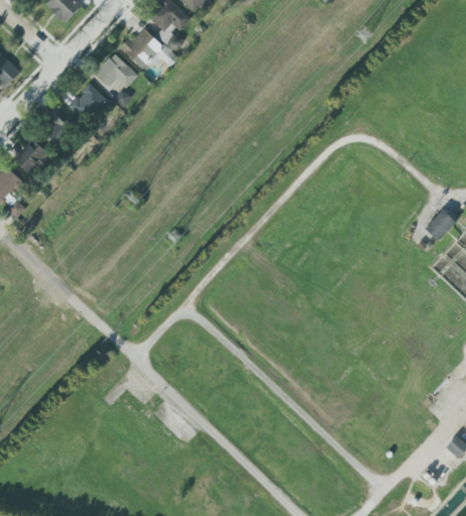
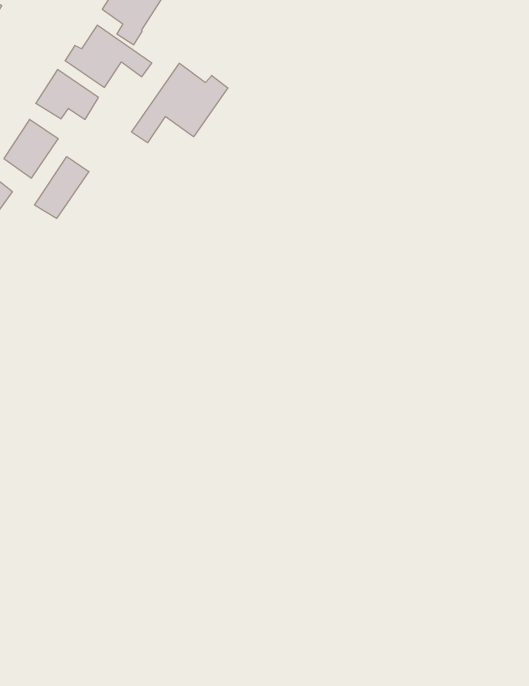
building: none -> [132,63,228,143]
building: none -> [35,157,89,218]

